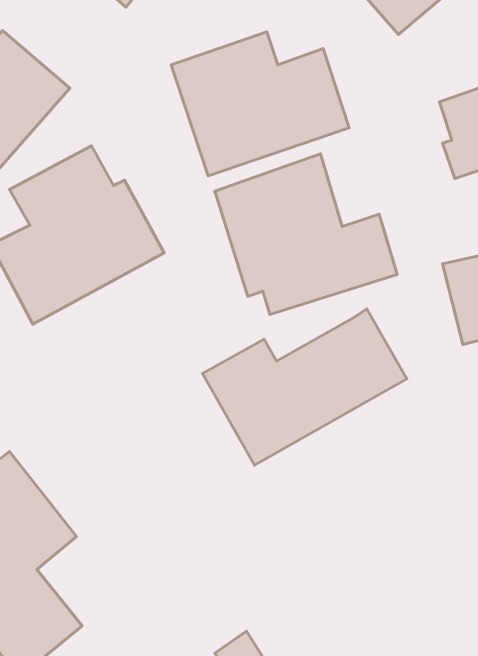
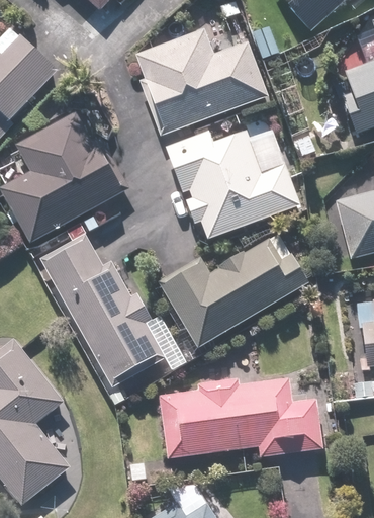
building: none -> [41,233,164,383]
building: none -> [159,376,326,458]

